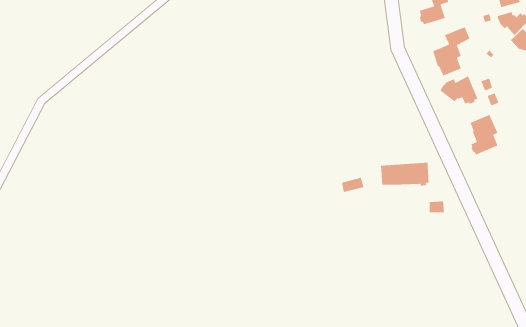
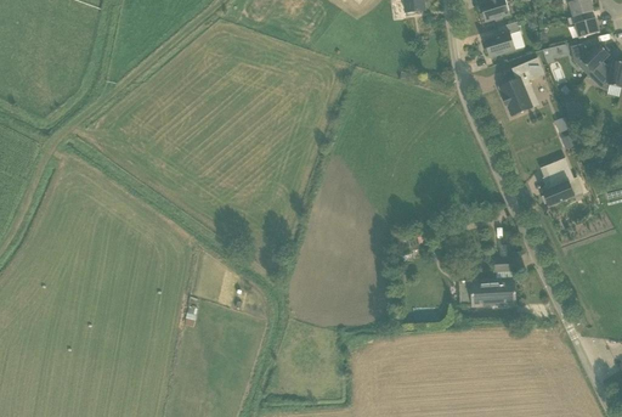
building: [440,75,479,105] -> none
building: [380,162,430,187] -> [459,277,515,305]

